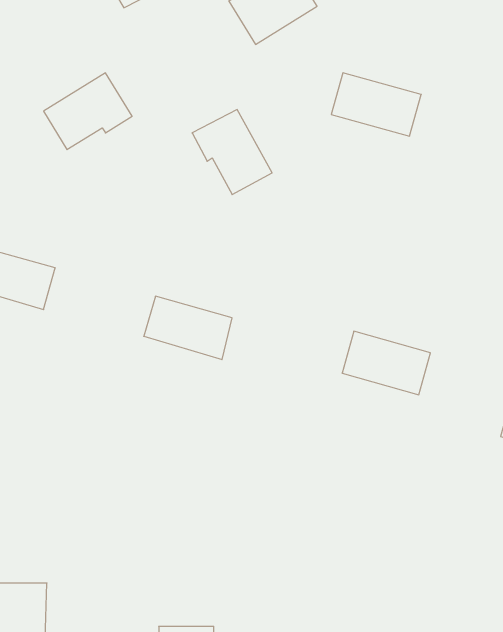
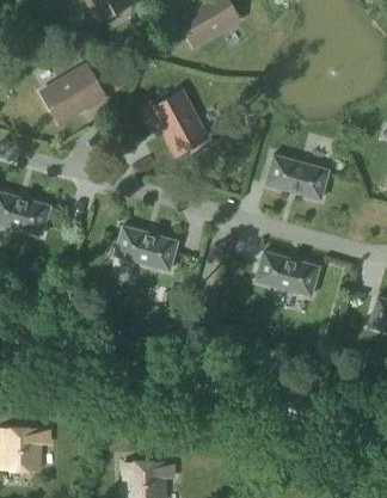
building: [331,73,421,136] -> [265,154,330,199]

